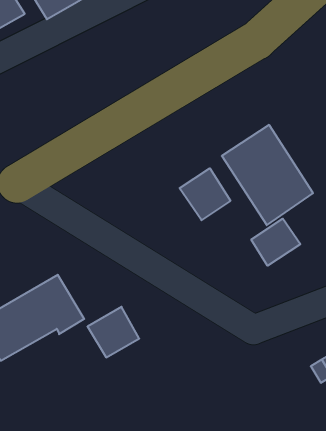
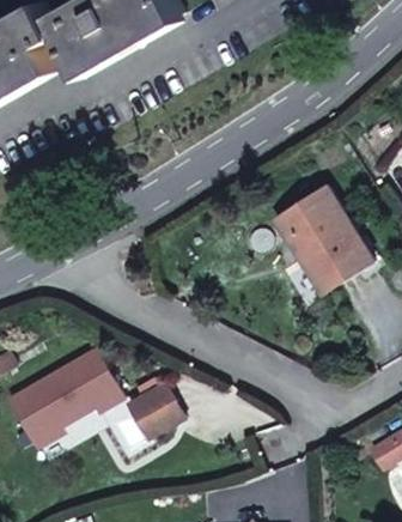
building: [180,168,230,220] -> none
building: [251,219,300,266] -> none

